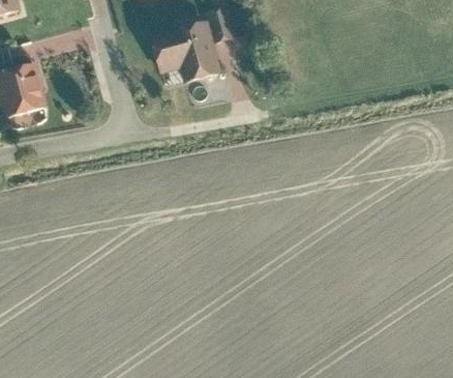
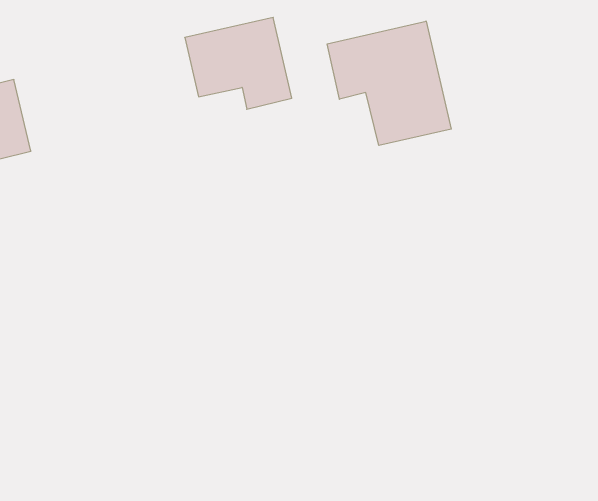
building: none -> [327,21,451,145]

